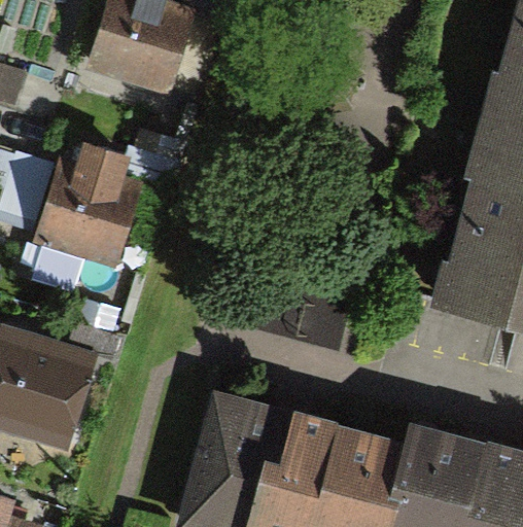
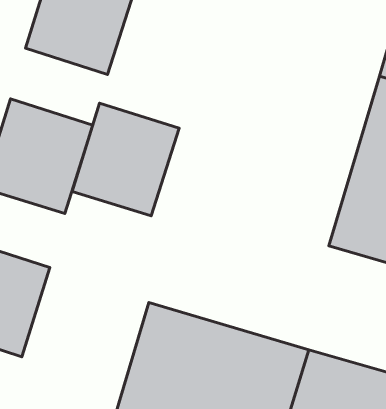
building: none -> [72,103,179,216]

